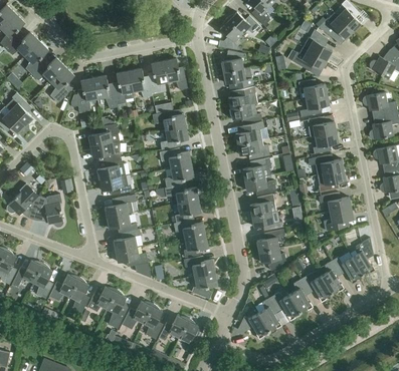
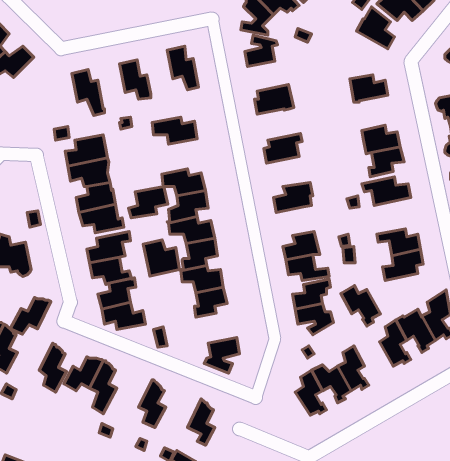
building: [287,47,327,71] -> none
building: [148,61,168,93] -> none
building: [50,66,73,103] -> none
building: [223,68,253,88] -> none
building: [113,71,134,104] -> none
building: [70,78,97,112] -> none
building: [300,94,329,117] -> none
building: [230,104,262,123] -> none
building: [160,126,189,149] -> [128,186,168,218]
building: [237,139,271,159] -> none
building: [317,169,346,193] -> none
building: [244,176,276,196] -> none
building: none -> [143,240,179,276]
building: [183,256,215,277] -> none
building: [302,273,331,303] -> [341,285,380,326]
building: [49,274,79,301] -> [10,298,51,334]
building: [122,301,153,329] -> none
building: [237,313,269,339] -> none
building: [159,316,189,341] -> none

